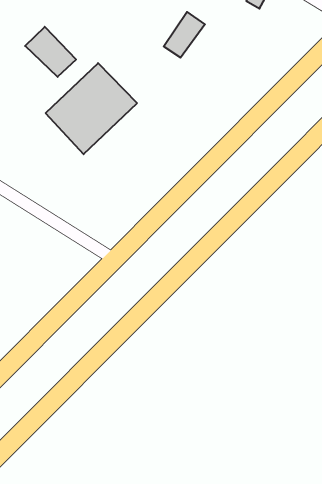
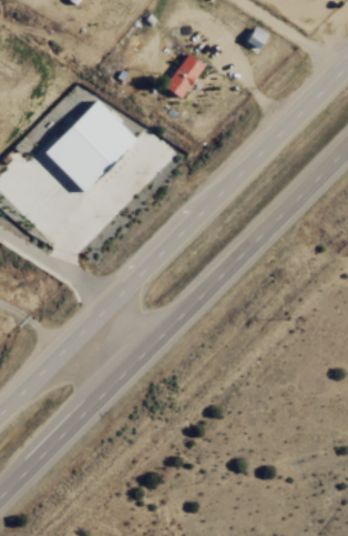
building: [25,27,76,77] -> none

